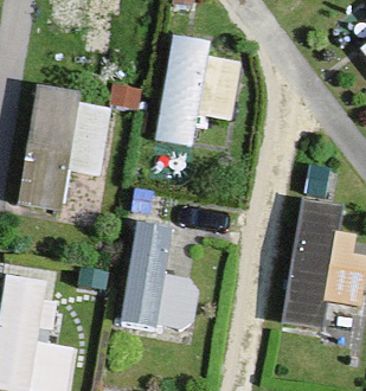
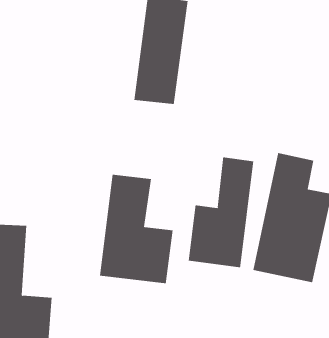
building: [25,94,109,212] -> none
building: none -> [188,157,254,268]

